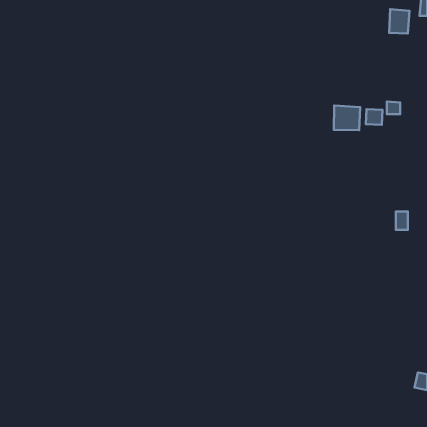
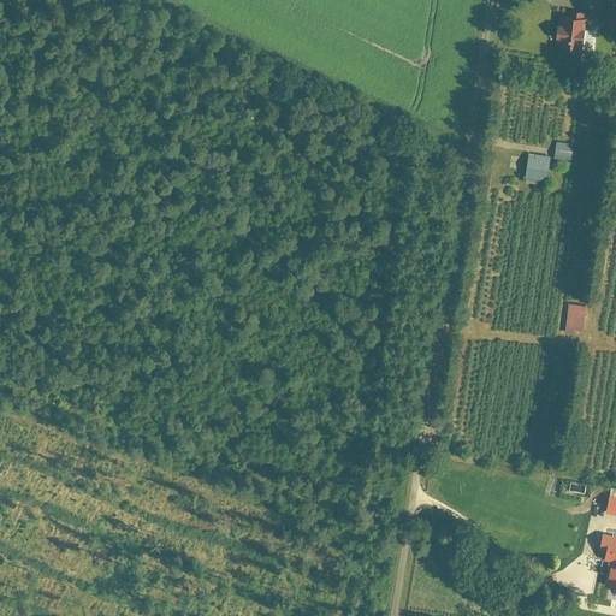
building: [334,106,360,130] -> none

